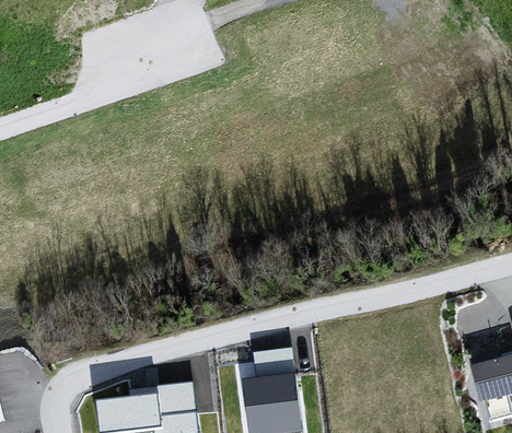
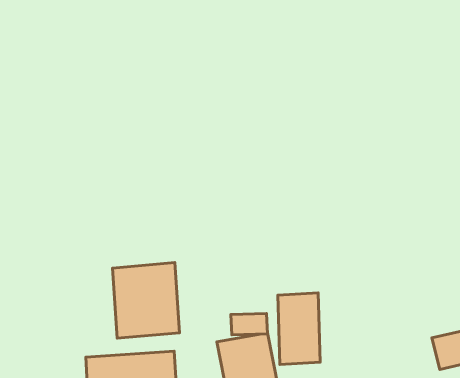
building: none -> [112,263,180,338]
building: none -> [278,293,320,365]

